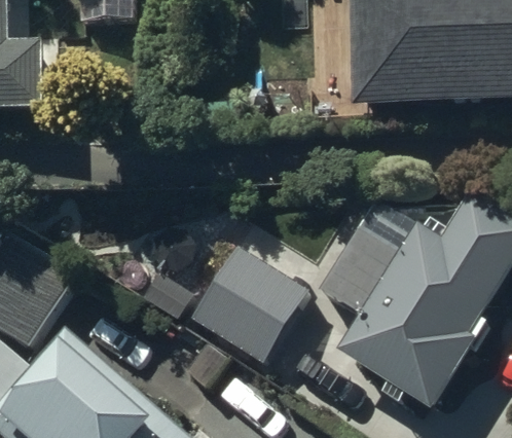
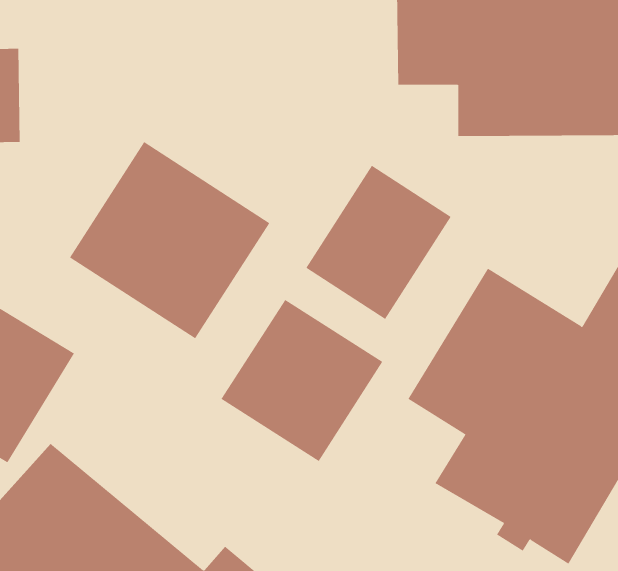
building: none -> [69,141,270,339]
building: none -> [305,165,452,320]

